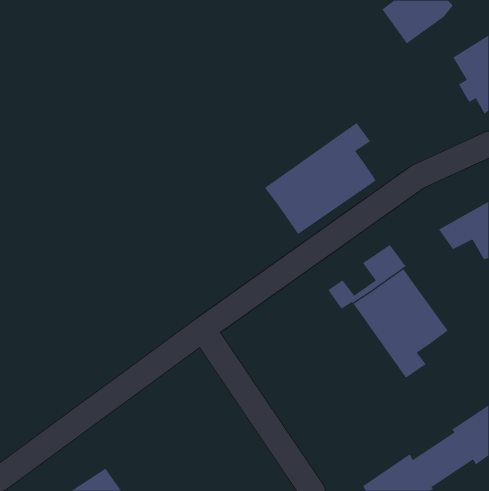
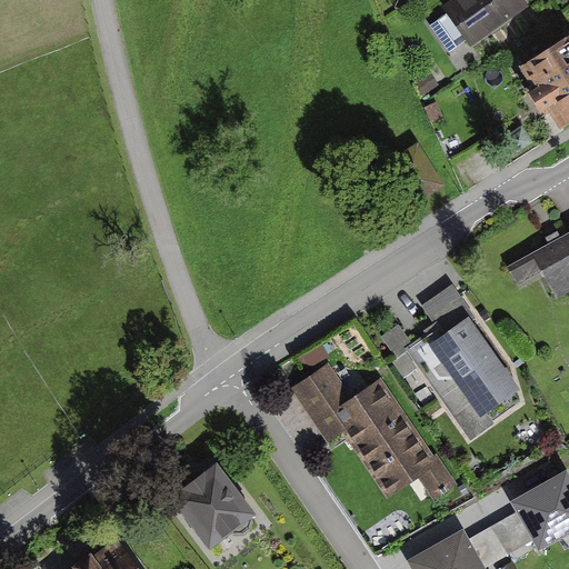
building: [264,122,376,235] -> none
building: none -> [295,365,451,498]
building: none -> [177,469,252,547]

